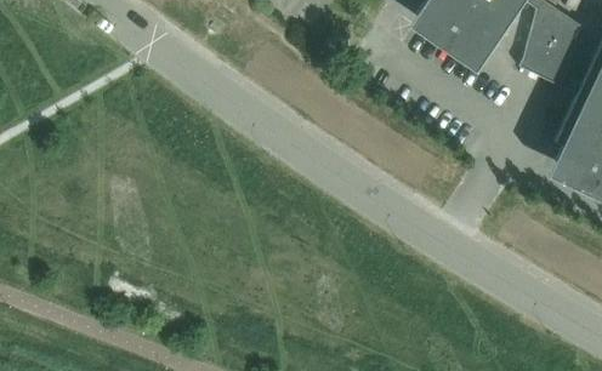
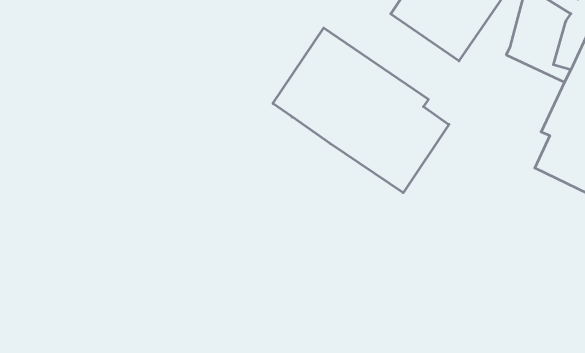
building: none -> [273,28,449,193]

